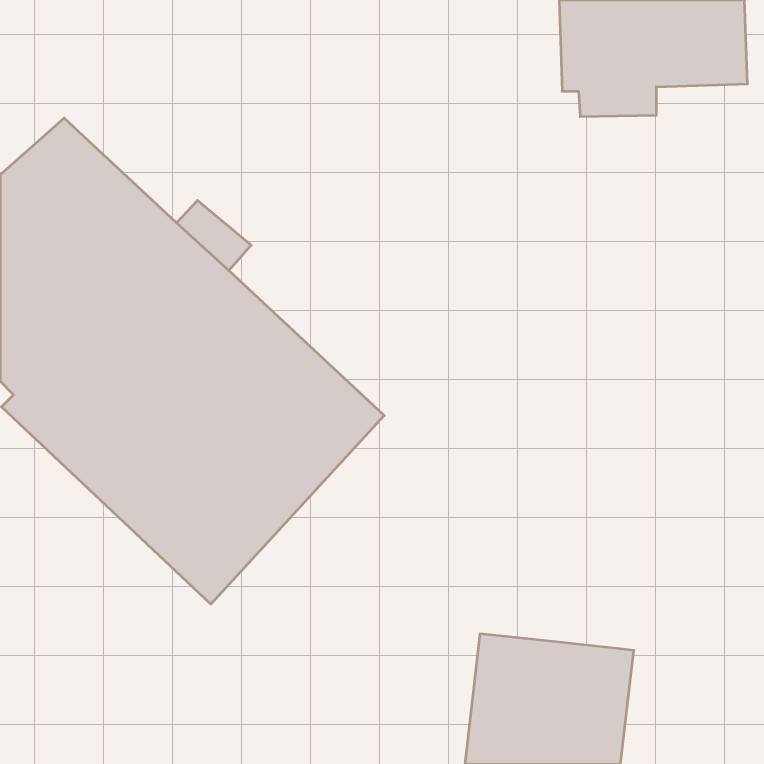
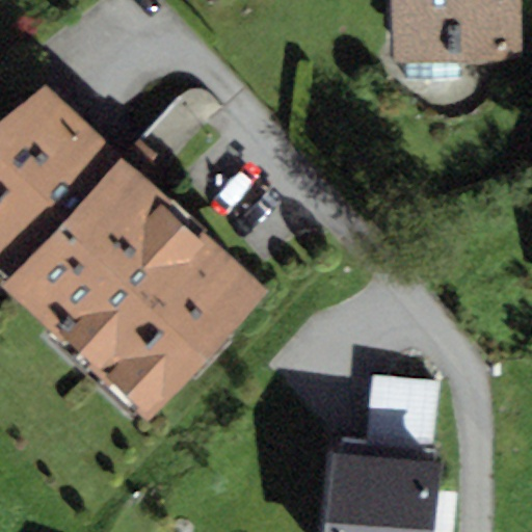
building: none -> [365,374,440,451]

